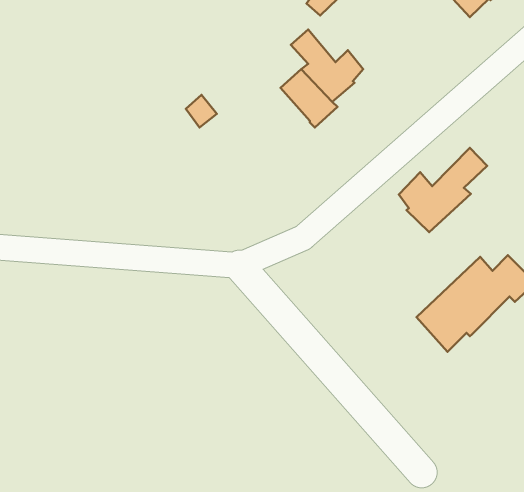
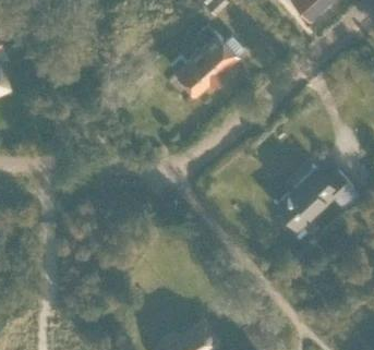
building: none -> [169,61,207,97]
building: [399,148,487,232] -> none

